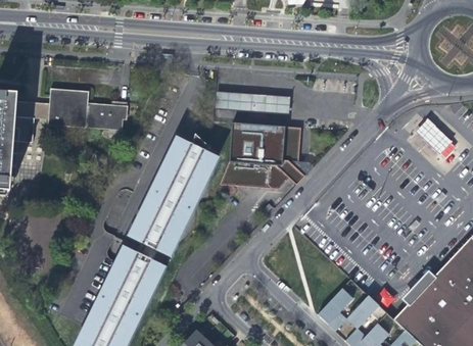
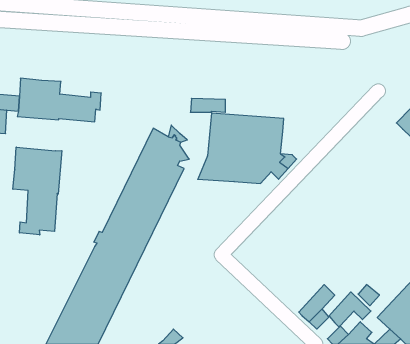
building: [216,90,285,110] -> none
building: none -> [13,147,62,235]

